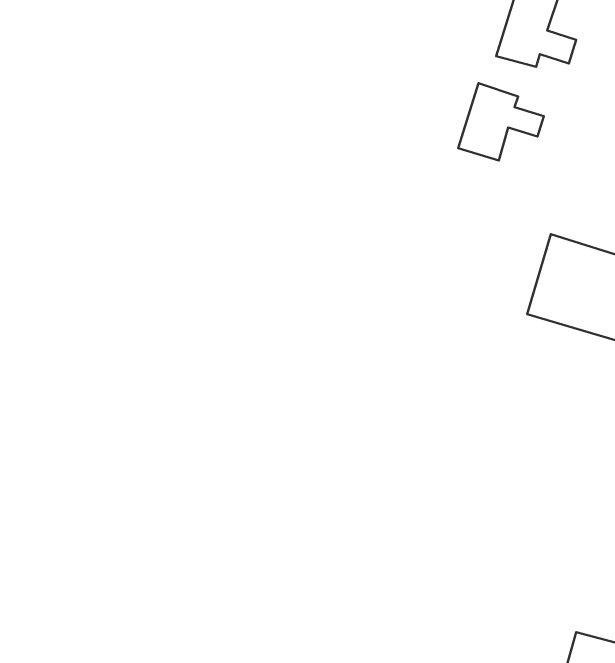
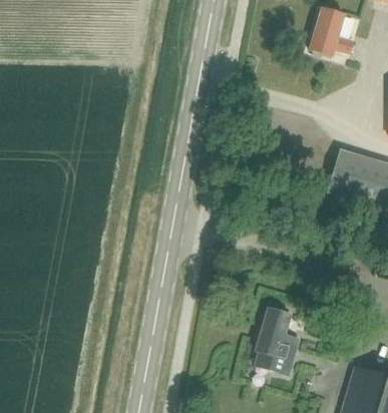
building: [458,83,544,160] -> none
building: none -> [255,305,299,375]

